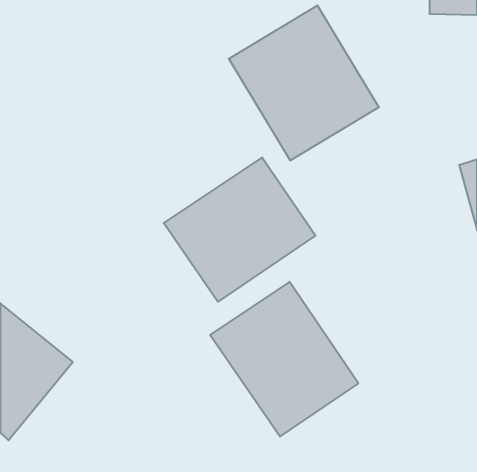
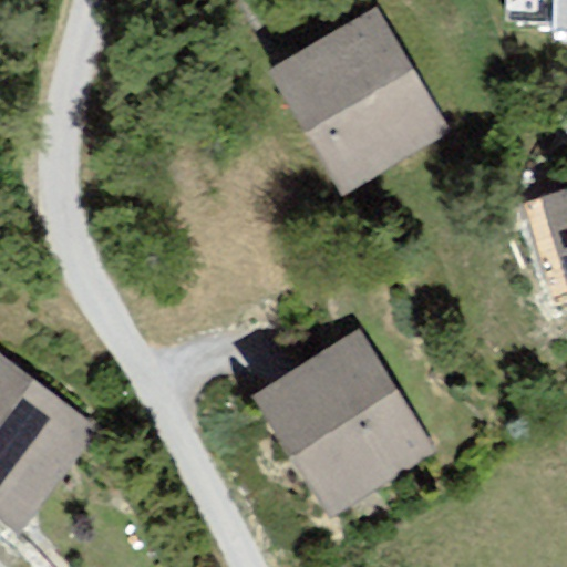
building: [164,157,315,302] -> none

